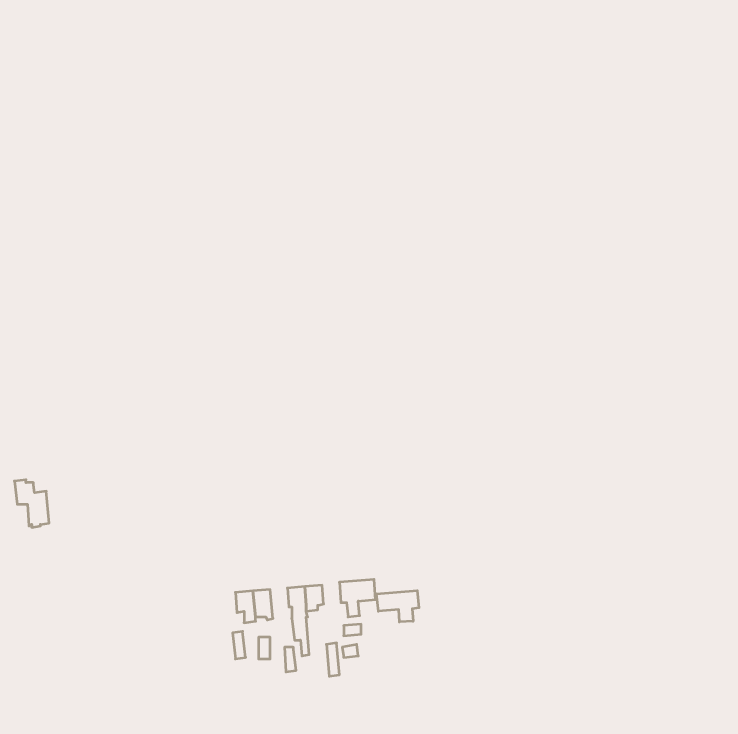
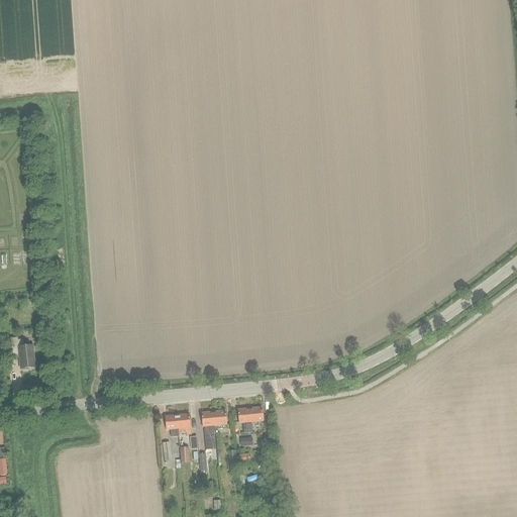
building: [377,591,419,622] -> none

